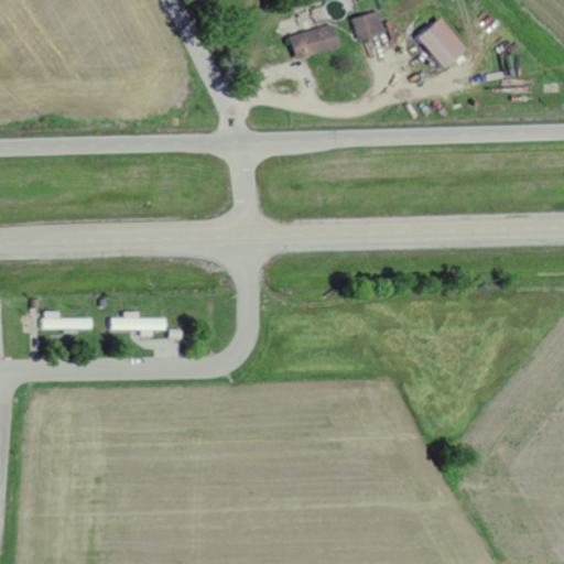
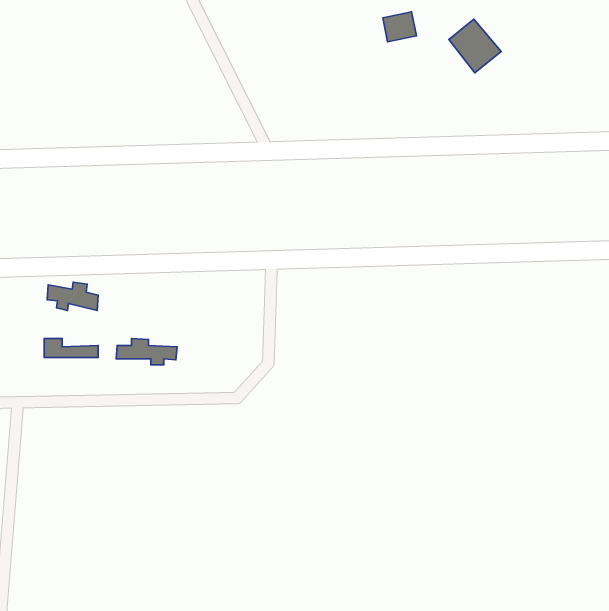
building: [289,24,340,61] -> none
building: none -> [47,282,98,310]

